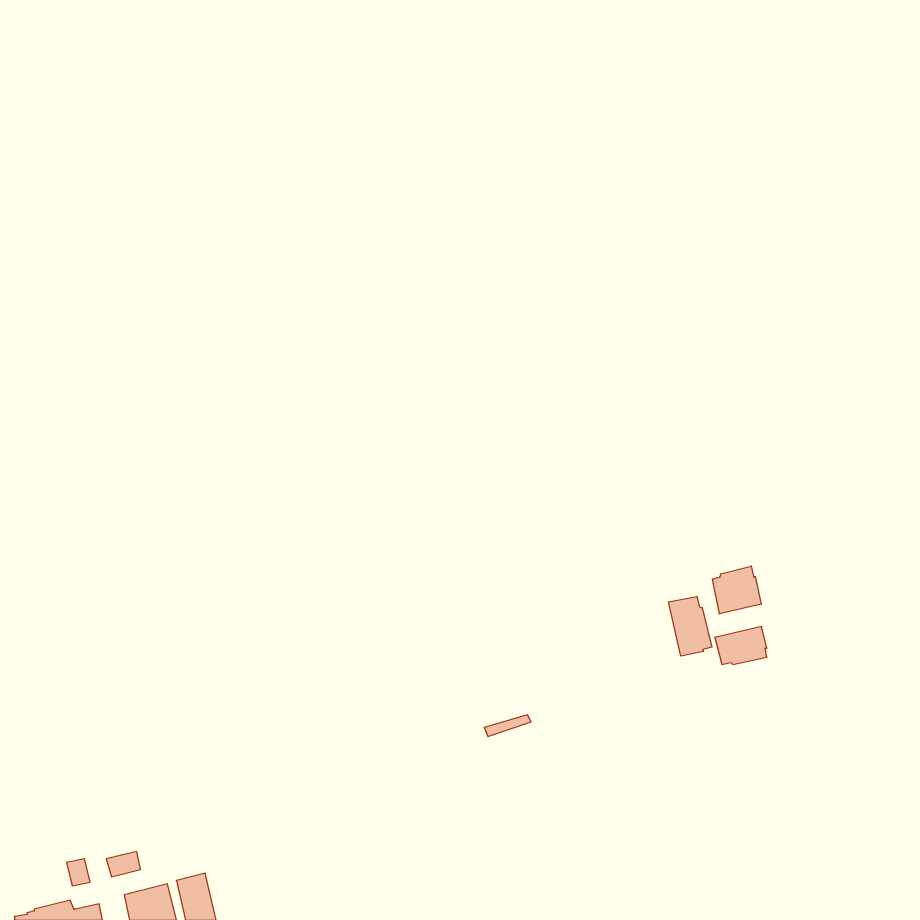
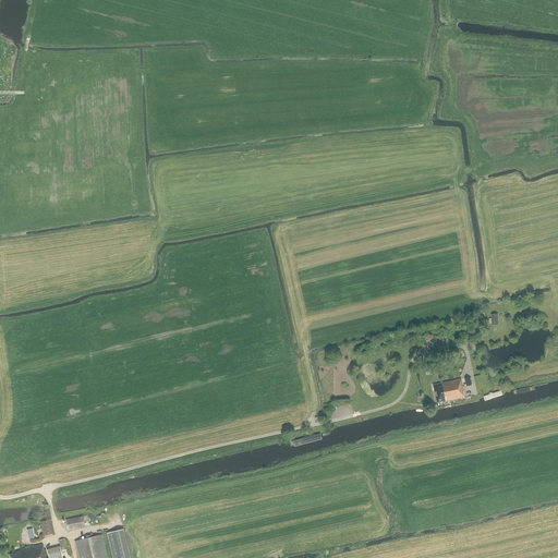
building: [712,566,761,614] -> none
building: [668,596,712,656] -> none

